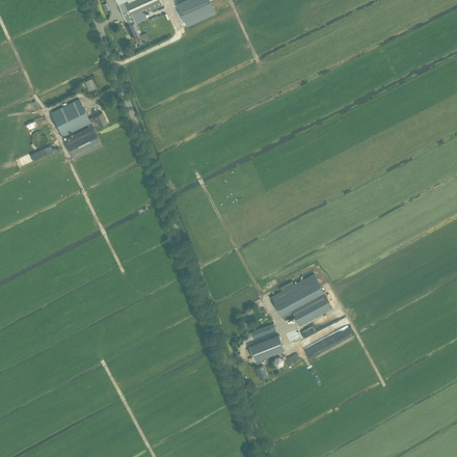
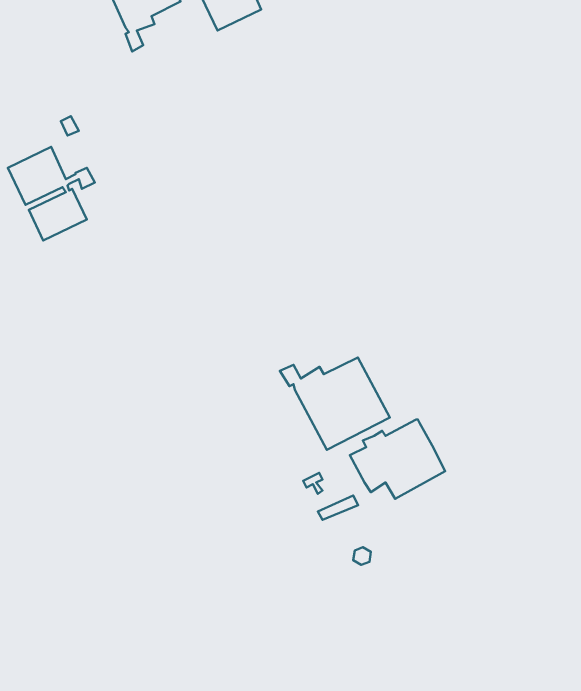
building: none -> [280,357,390,450]
building: [248,334,284,379] -> none

